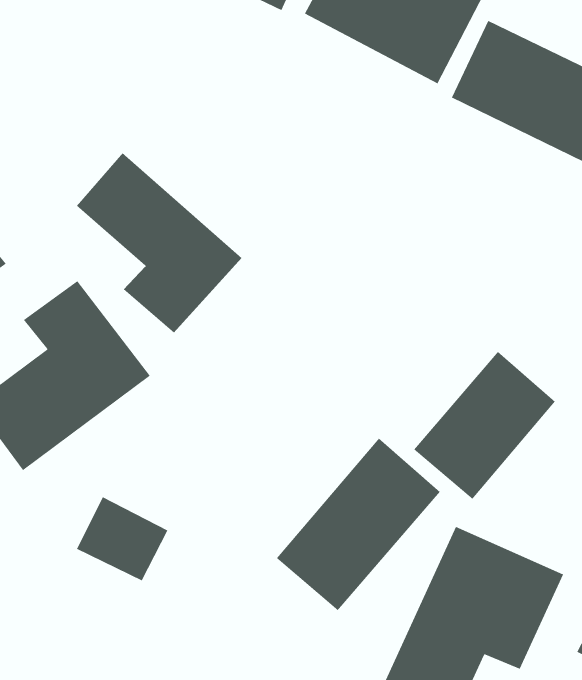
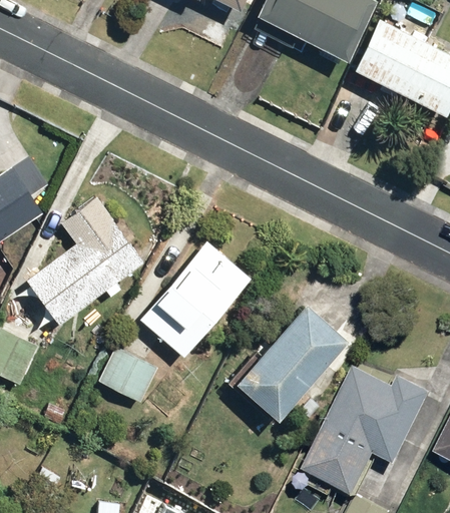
building: [76,152,243,333] -> none
building: none -> [139,242,250,356]
building: [413,351,556,500] -> none

